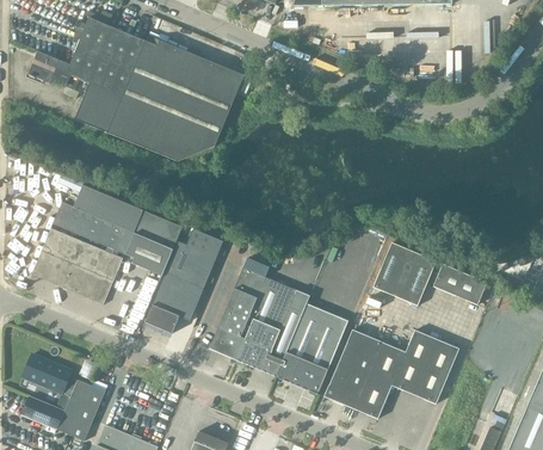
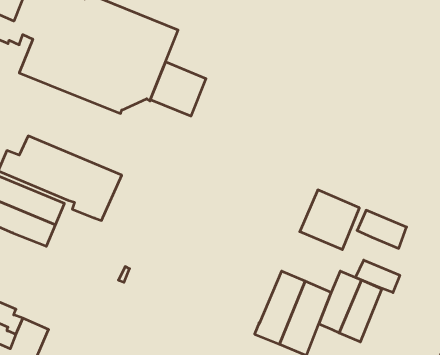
building: none -> [150,62,206,116]
building: [146,229,223,333] -> none
building: [211,269,350,395] -> none
building: none -> [356,260,400,293]

